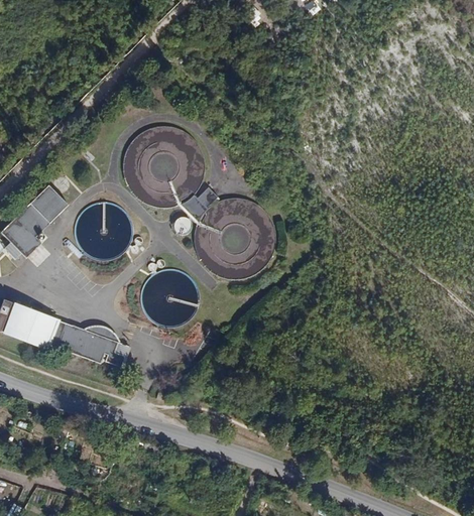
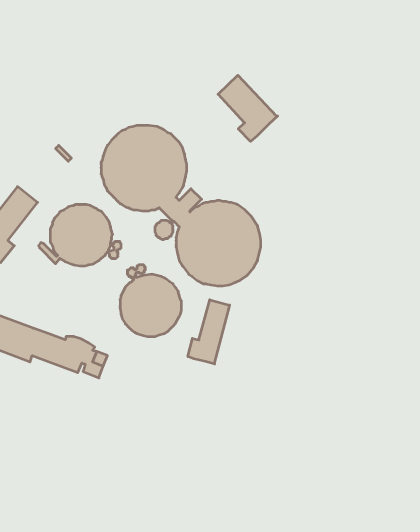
building: none -> [218,75,278,141]
building: none -> [188,300,230,364]

